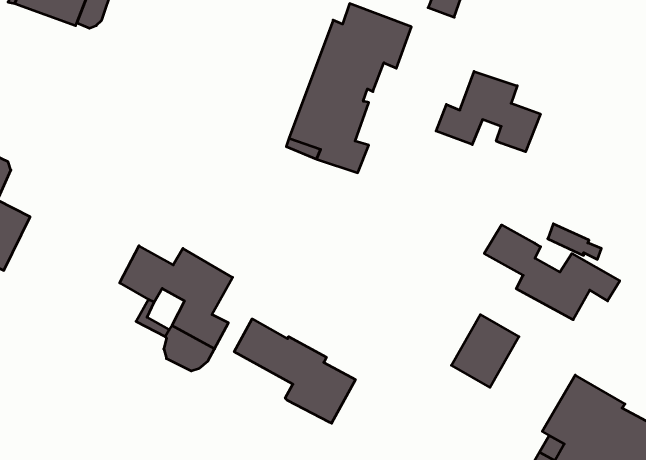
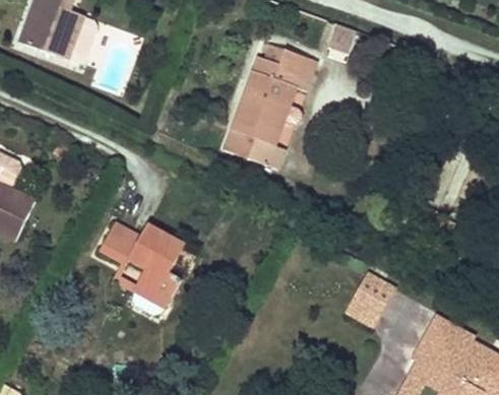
building: [436,71,540,152] -> none
building: [484,225,620,320] -> none
building: [234,319,355,423] -> none

